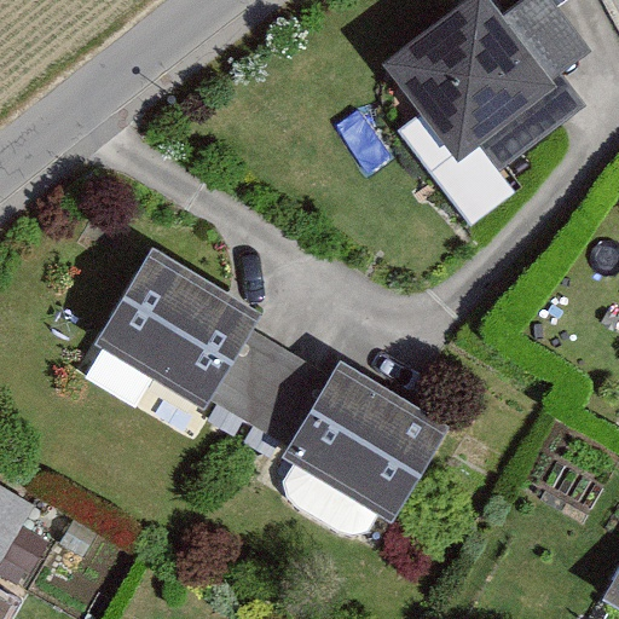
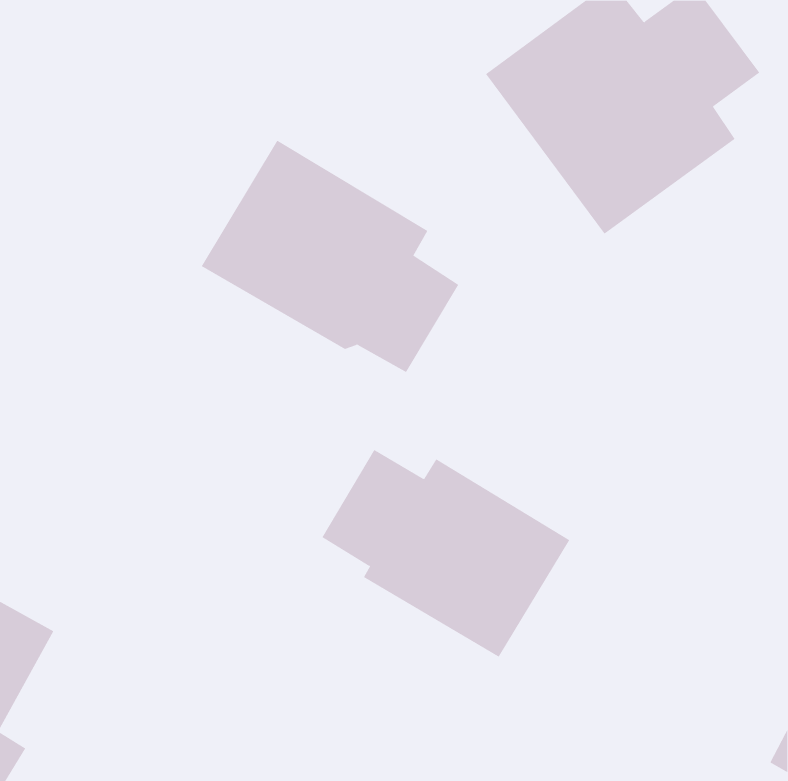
building: [91,244,293,427] -> [201,140,459,373]

